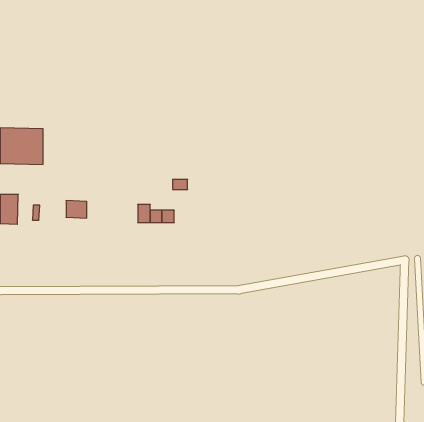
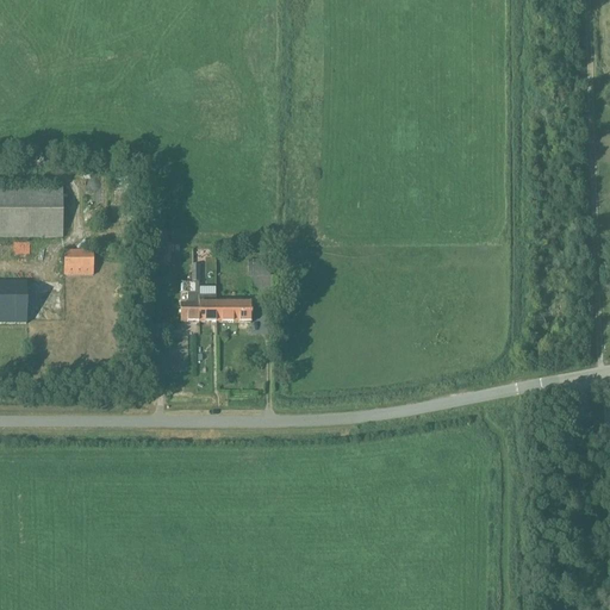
building: none -> [180,281,198,319]
building: [66,201,87,218] -> [63,248,93,273]

